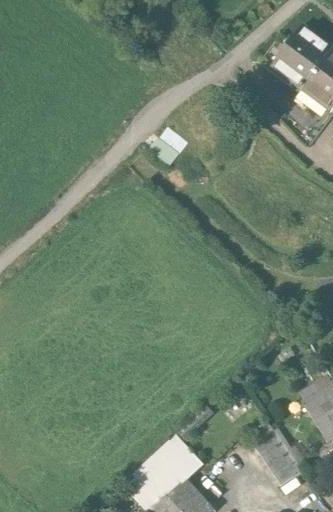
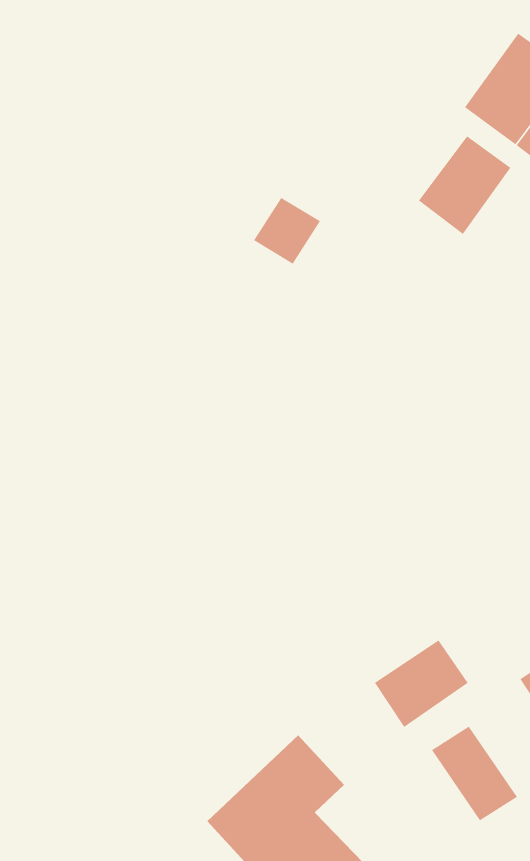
building: none -> [418,135,511,235]
building: none -> [374,639,468,728]

